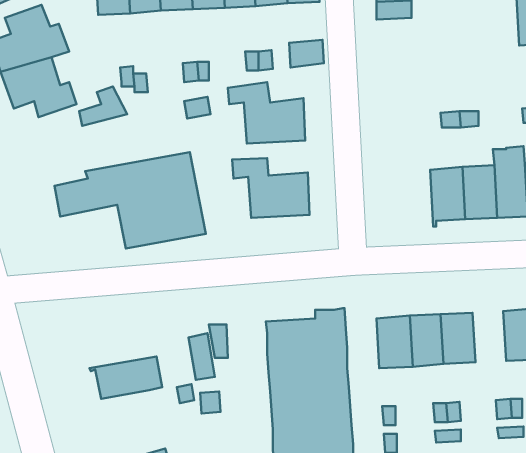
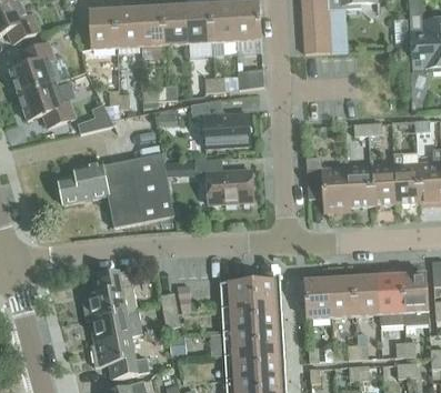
building: none -> [305,157,347,211]
building: none -> [82,270,136,318]
building: none -> [377,274,403,323]
building: none -> [91,334,149,377]

